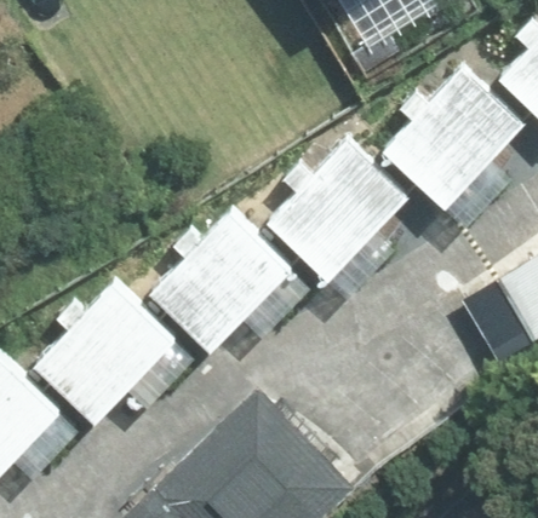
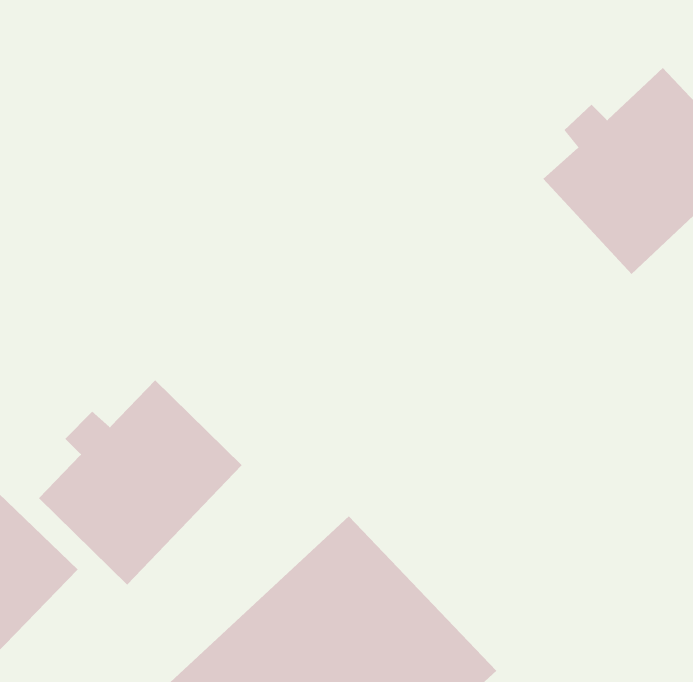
building: [268,142,412,283] -> none
building: [148,212,292,355] -> none

